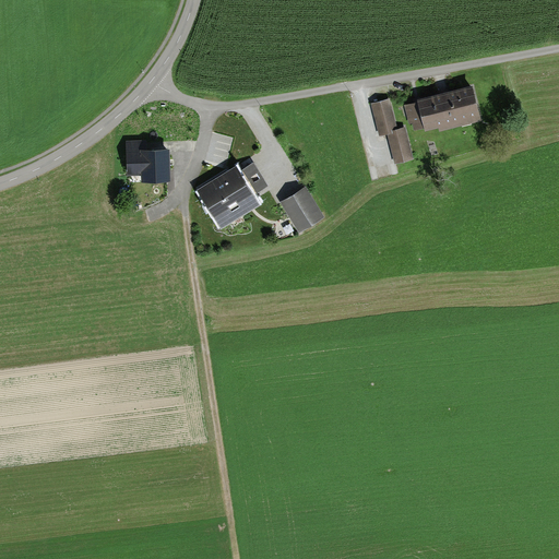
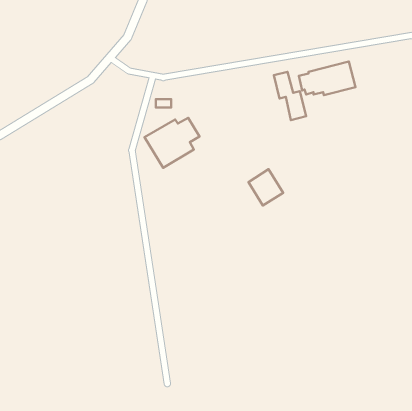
building: [124,142,170,180] -> none
building: [277,186,324,235] -> [248,169,283,206]

